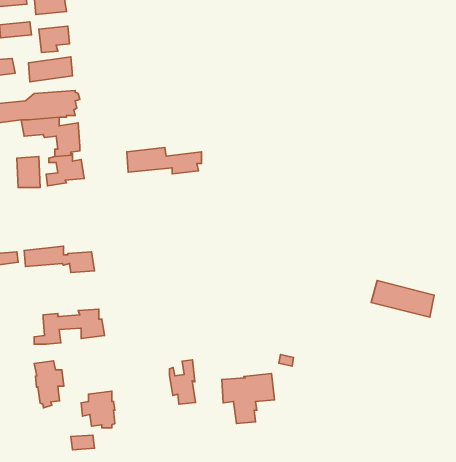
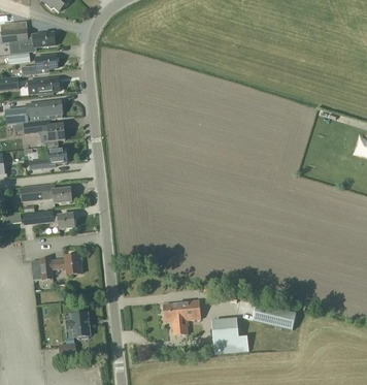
building: [127,147,201,174] -> [22,184,74,202]
building: [371,280,434,317] -> [253,303,297,329]
building: [169,360,196,404] -> none
building: [34,361,64,408] -> none
building: none -> [211,318,248,353]

